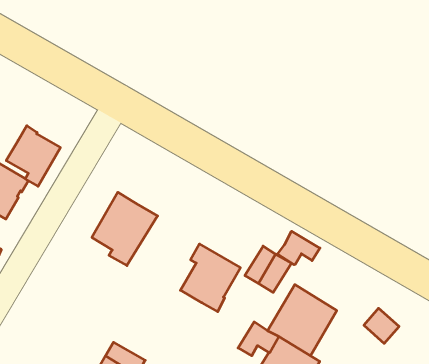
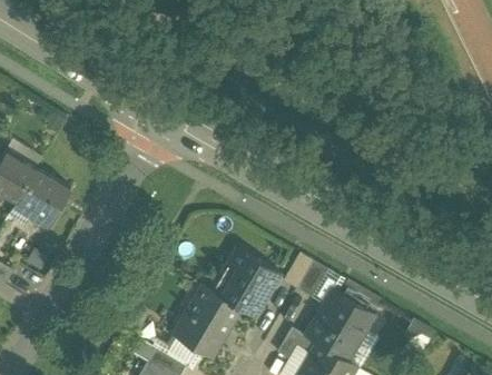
building: [6,126,60,186] -> none
building: [92,192,158,266] -> [177,286,242,358]
building: [277,231,320,265] -> none

